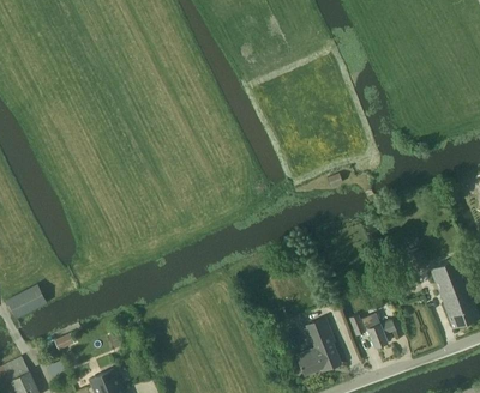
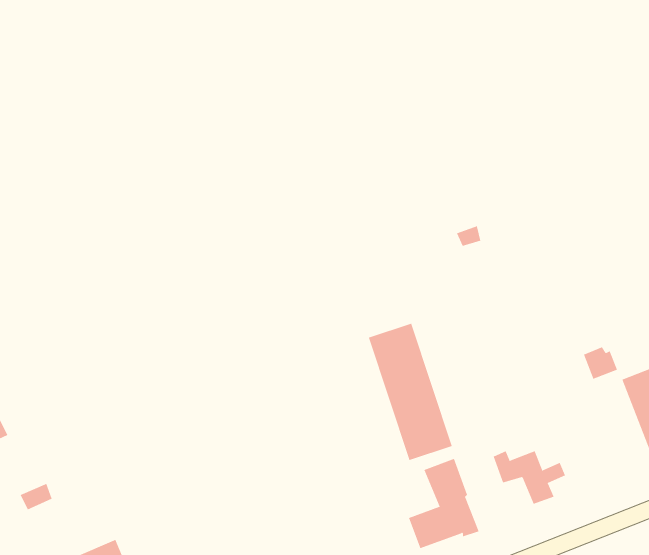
building: none -> [368,323,453,461]

